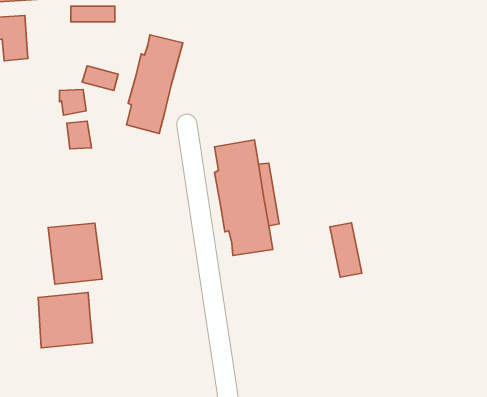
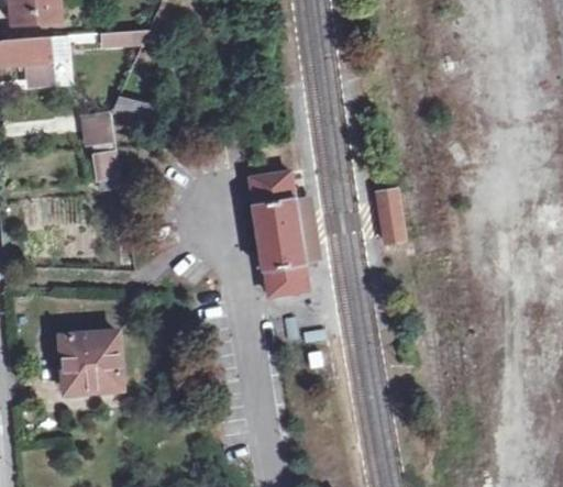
building: [126,35,183,134] -> none
building: [330,223,362,277] -> [372,186,406,244]
building: [48,223,102,284] -> none

